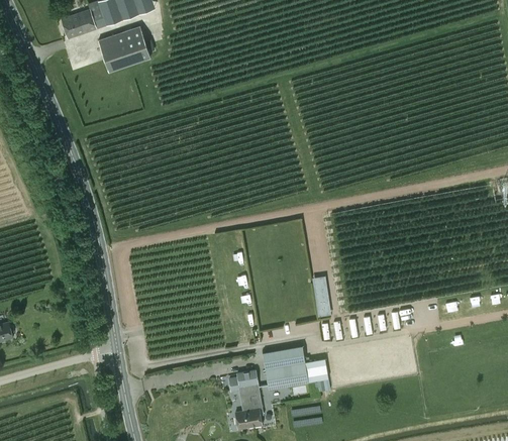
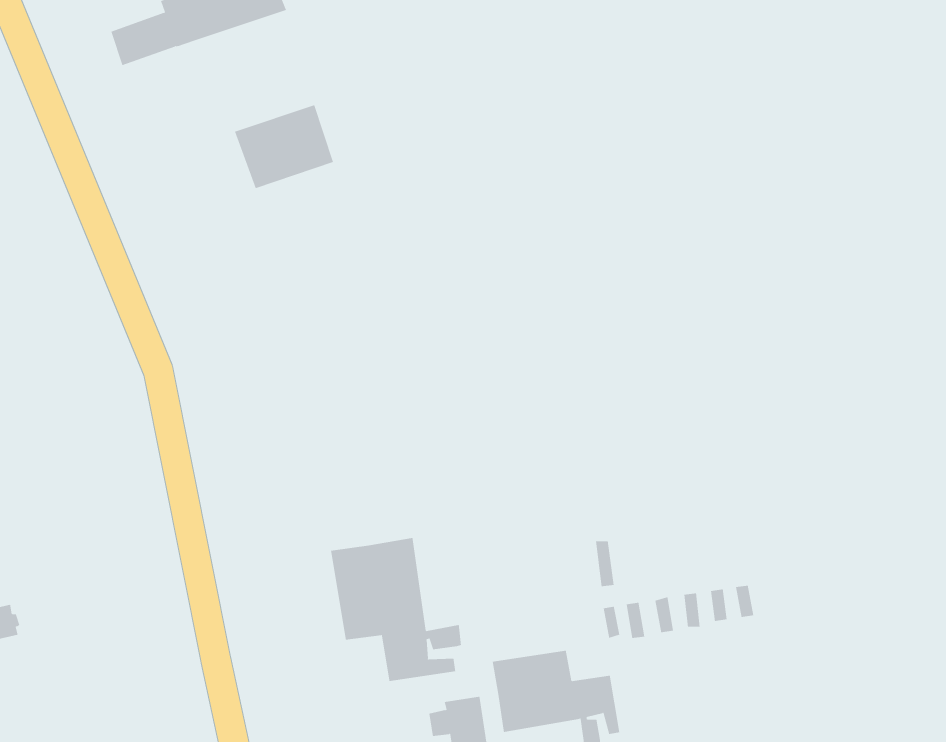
building: [97,26,149,71] -> [234,105,334,189]
building: none -> [331,537,461,682]

